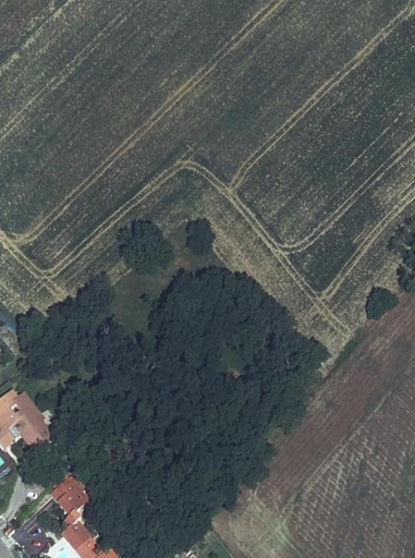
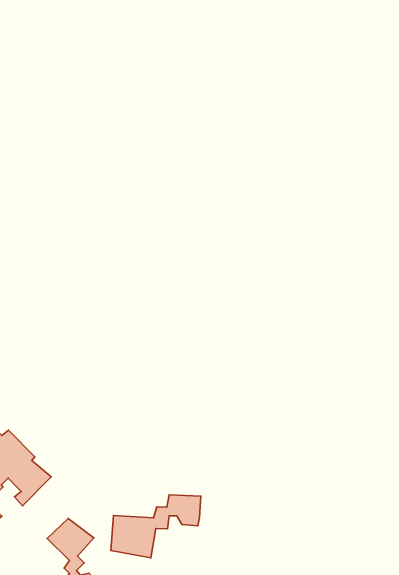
building: none -> [111,495,201,558]

